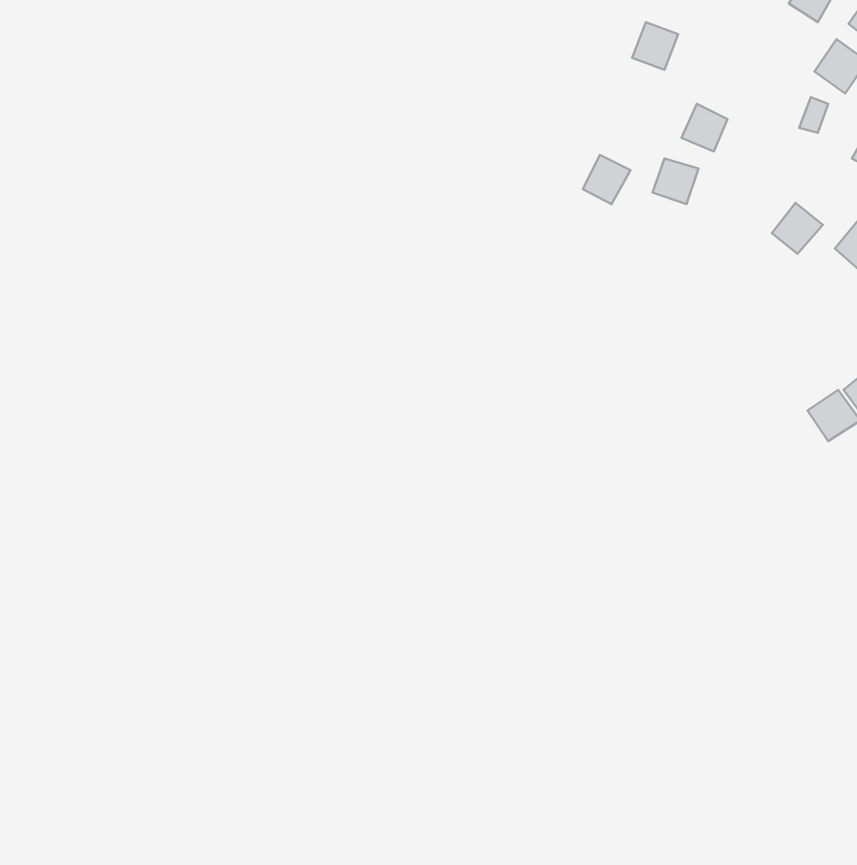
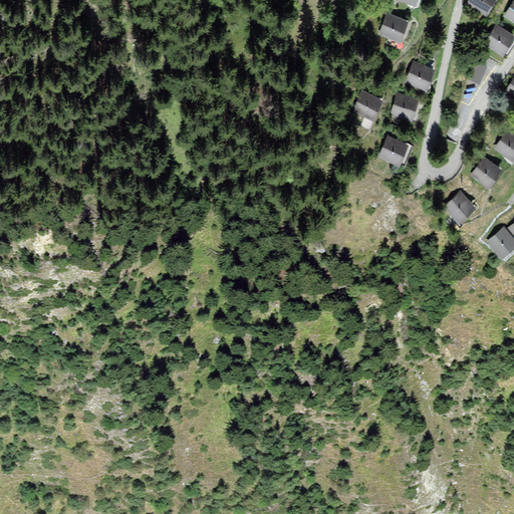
building: [772,203,823,254] -> [472,159,502,189]
building: none -> [375,138,404,166]
building: none -> [439,194,470,224]

